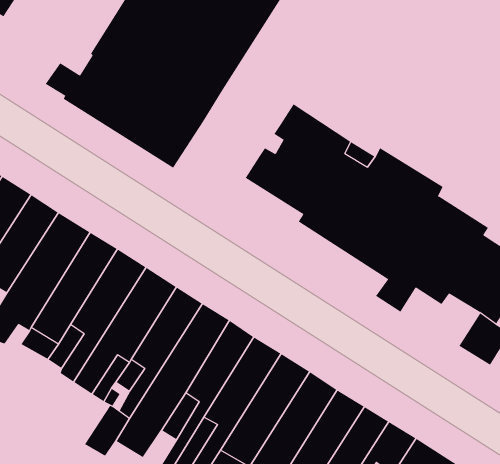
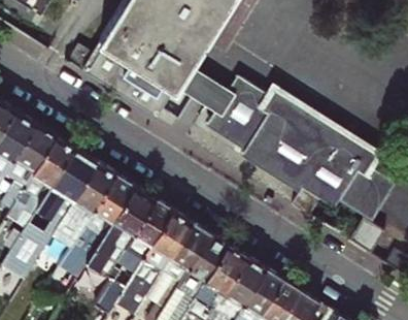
building: none -> [176,63,230,108]

